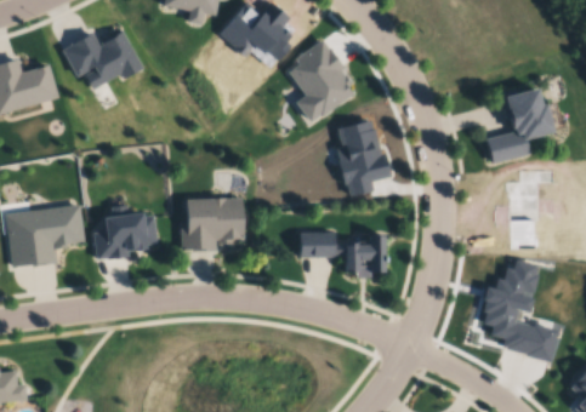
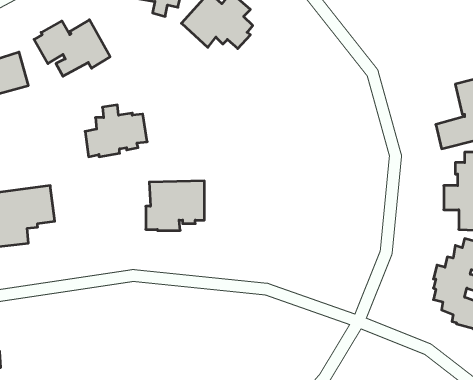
building: [290,38,353,120] -> none
building: [337,120,391,195] -> none
building: [93,205,159,259] -> [85,105,147,157]
building: [298,230,386,279] -> none

